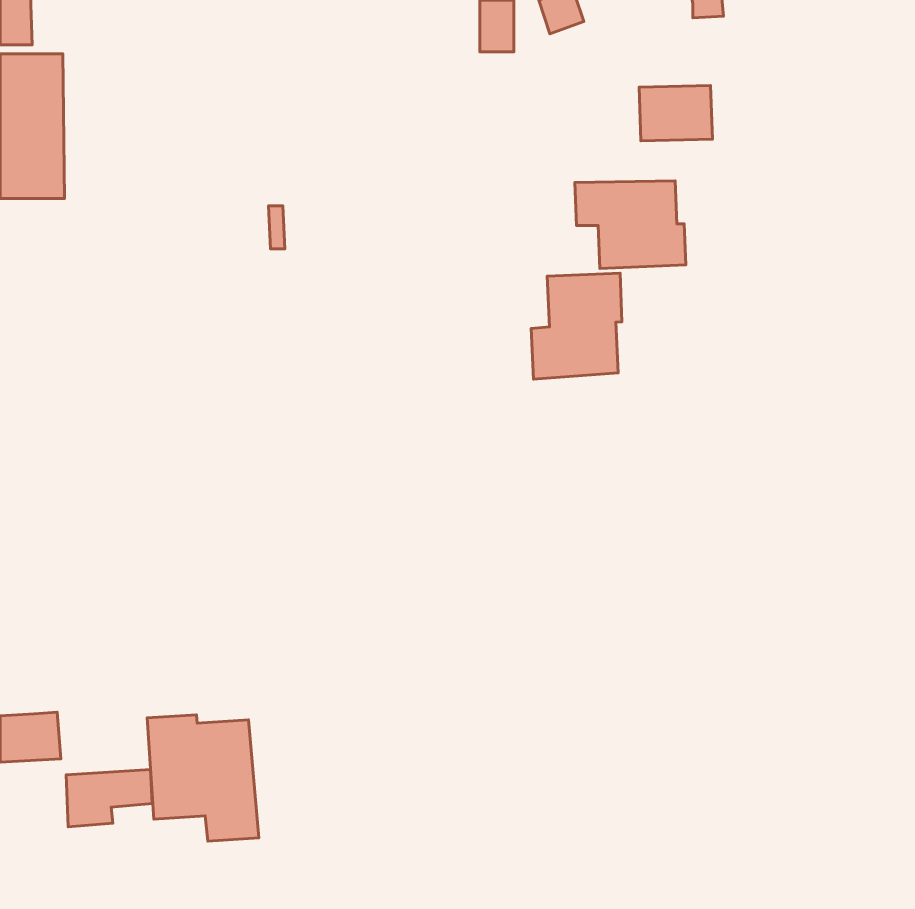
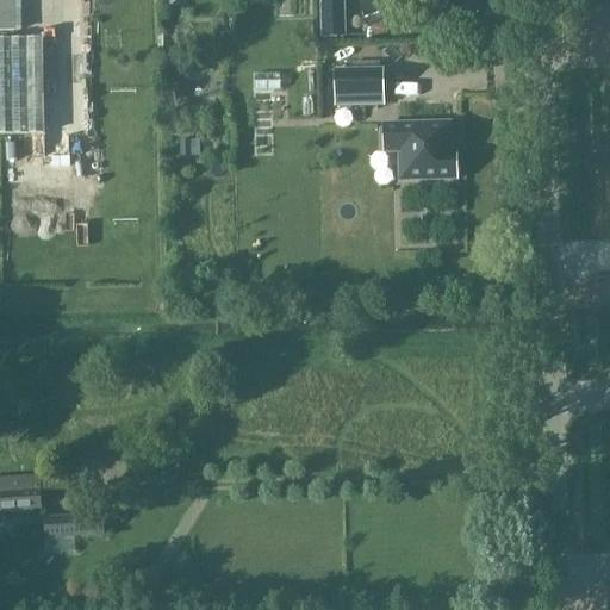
building: [639,85,712,141] -> [334,67,382,104]
building: [531,273,622,379] -> none
building: [147,715,259,841] -> none

